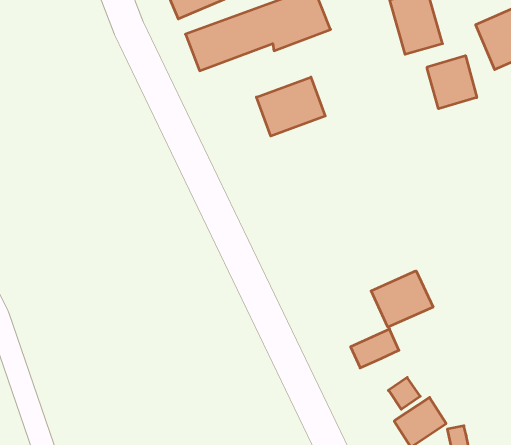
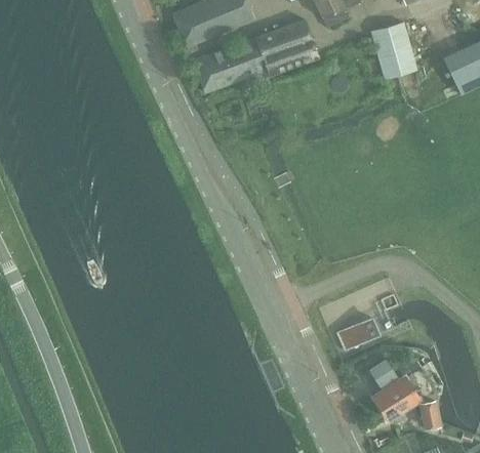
building: [427,56,477,109] -> none
building: [256,77,325,136] -> none
building: [371,271,433,327] -> none

